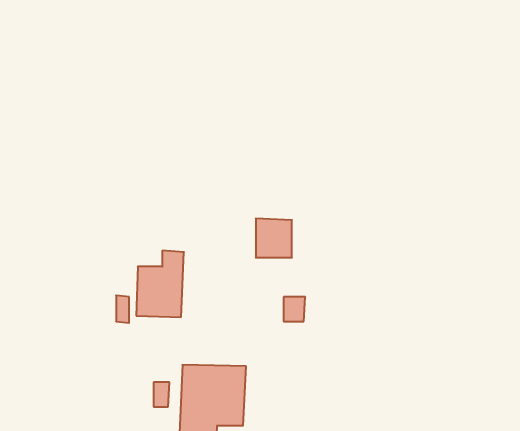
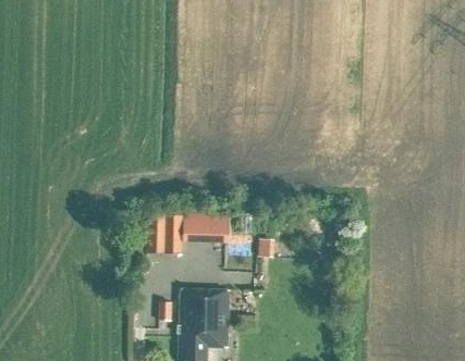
building: [256,219,292,258] -> [200,212,228,241]

